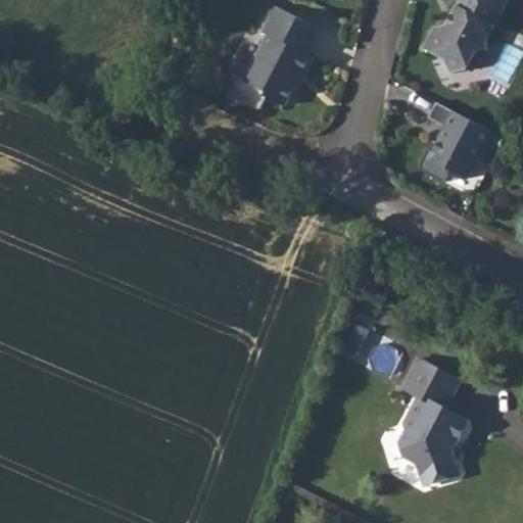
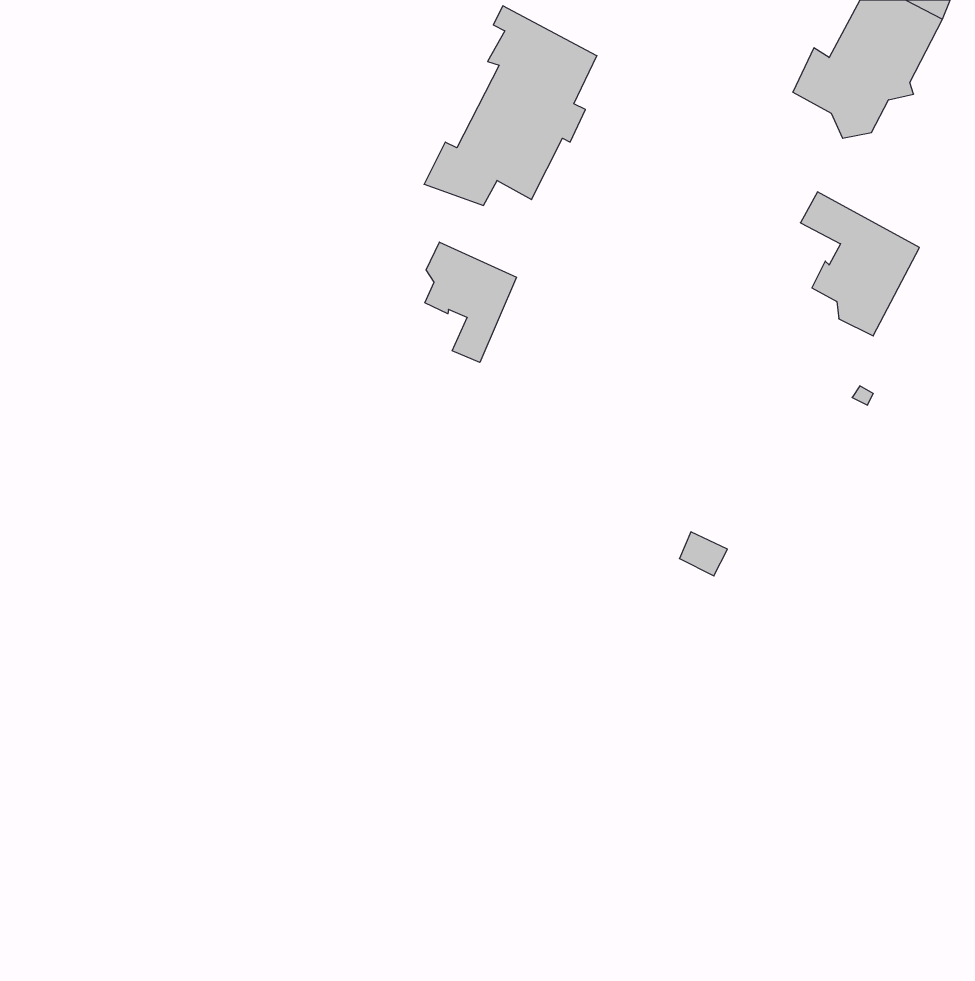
building: none -> [425,242,517,362]
building: [398,359,467,485] -> none

